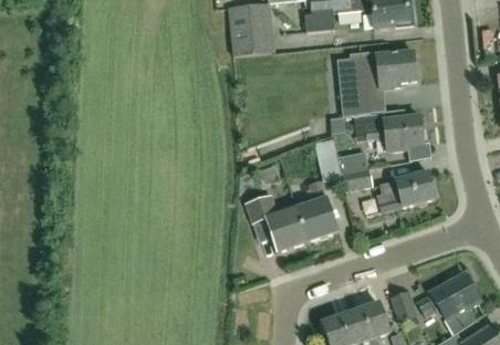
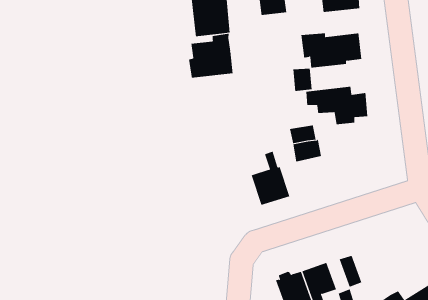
building: none -> [188,33,233,79]
building: [377,171,436,211] -> none
building: [260,196,306,251] -> none
building: [418,272,480,332] -> none

